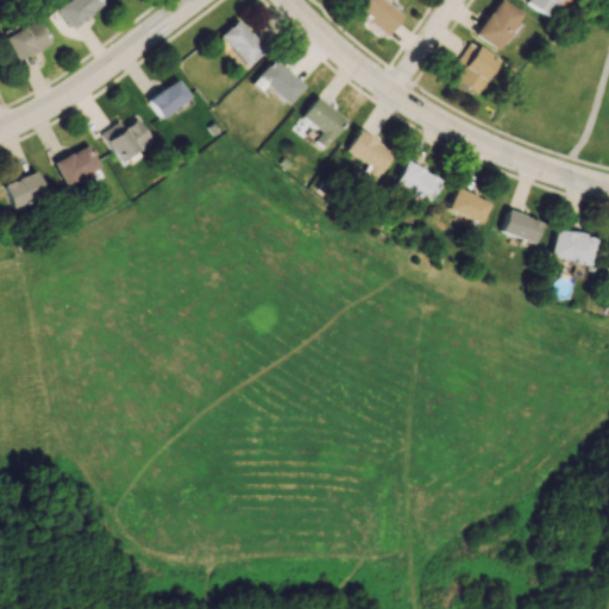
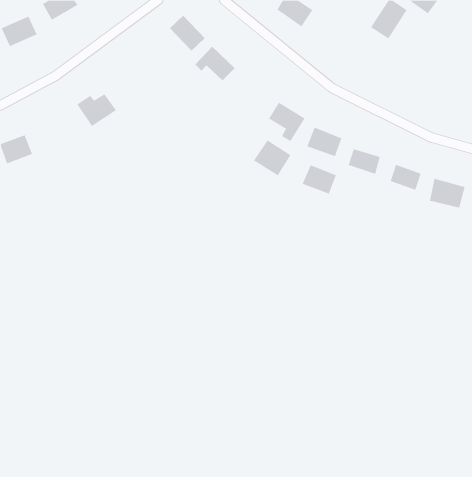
building: [459,42,502,93] -> none
building: [151,79,194,118] -> none
building: [304,96,349,147] -> none
building: [57,146,102,183] -> none
building: none -> [253,140,291,176]
building: none -> [302,164,337,195]

